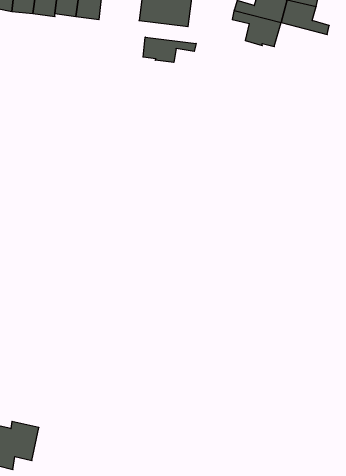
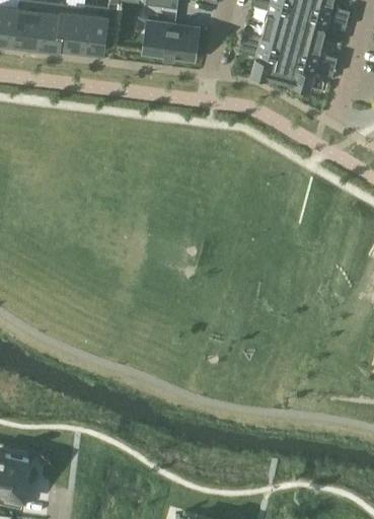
building: none -> [282,55,335,89]
building: [143,37,196,62] -> none

